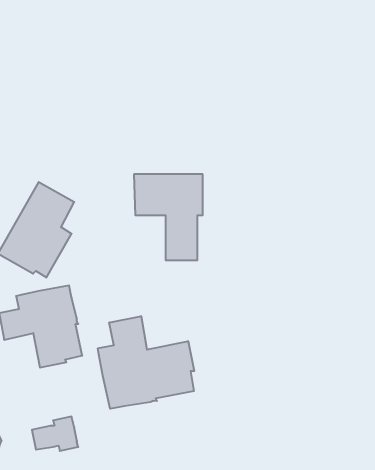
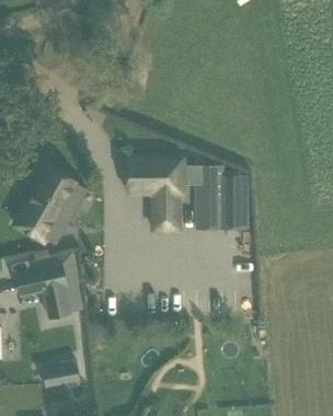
building: none -> [194,164,248,228]
building: [98,316,194,409] -> none

